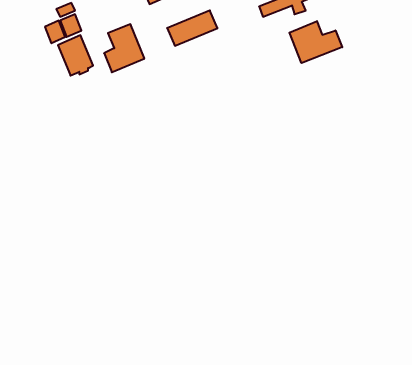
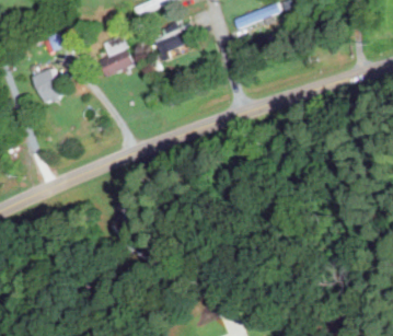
building: [289,21,342,63] -> none
building: [58,35,93,76] -> [33,69,63,104]

